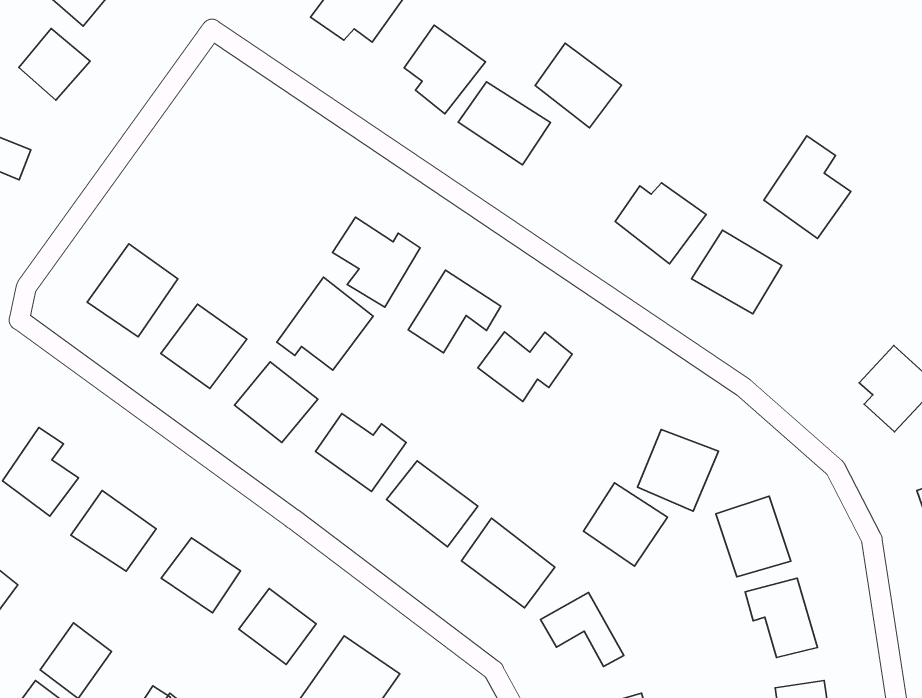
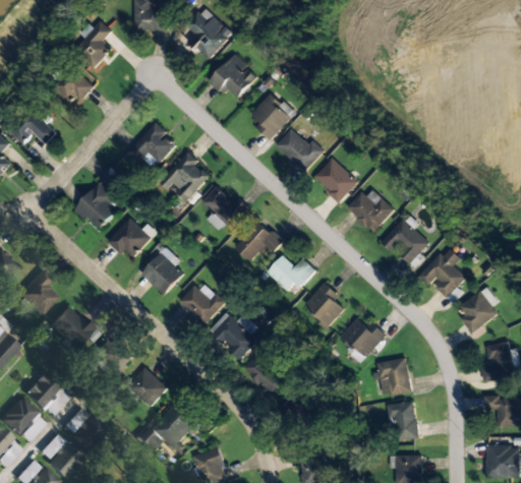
building: [535,43,621,128] -> [314,158,358,202]
building: none -> [129,123,177,172]
building: [764,136,851,238] -> [421,246,466,299]
building: [277,277,373,370] -> [160,153,211,200]
building: [583,483,668,566] -> [304,284,348,327]

